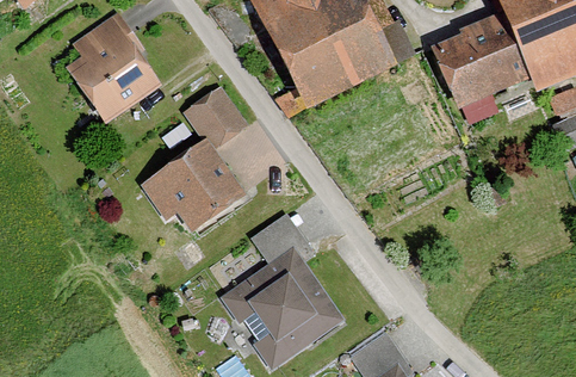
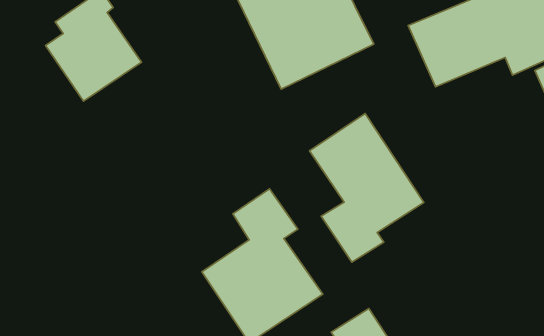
building: [141,85,249,230] -> none
building: none -> [309,113,424,262]

